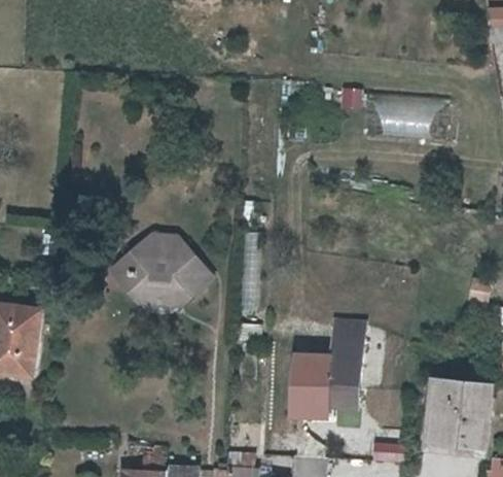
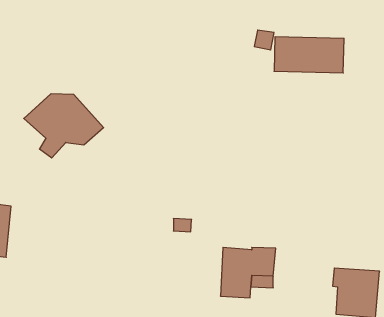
building: [118,243,218,323] -> [24,94,104,158]
building: [333,325,364,359] -> none

